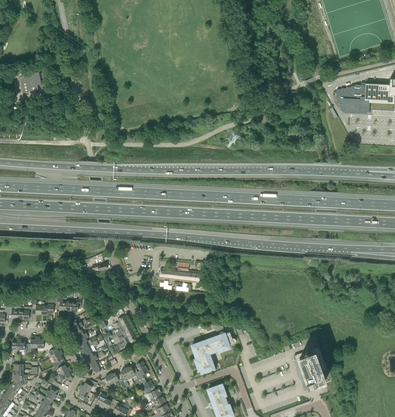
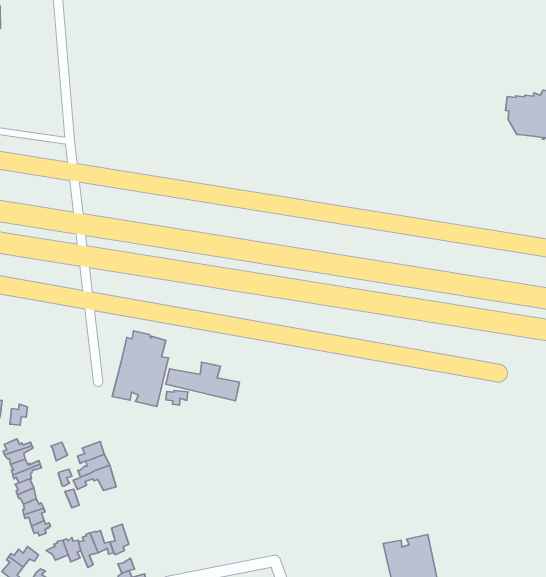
building: none -> [112,331,168,407]
building: [192,331,236,373] -> none

